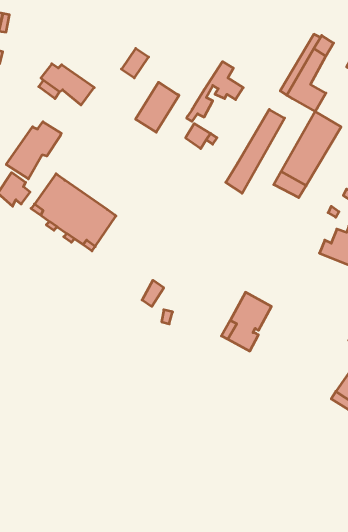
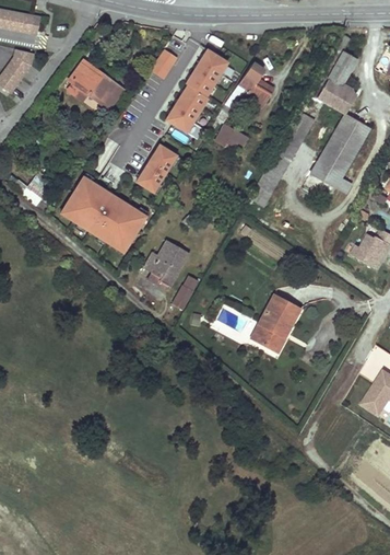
building: none -> [186,48,228,95]
building: [6,122,61,179] -> none
building: none -> [137,146,176,193]
building: none -> [144,240,189,287]

